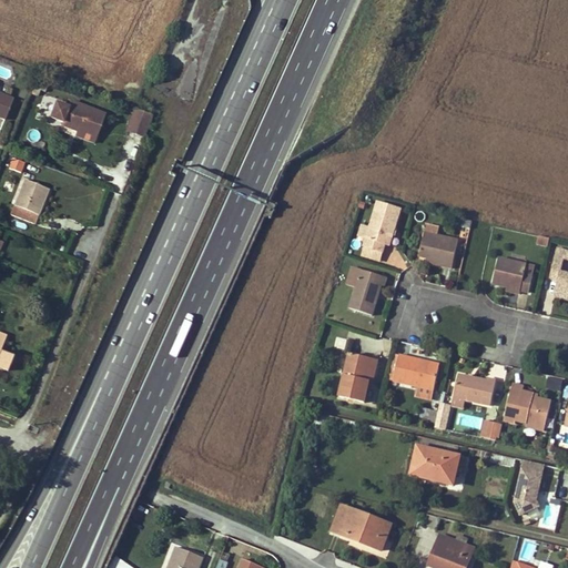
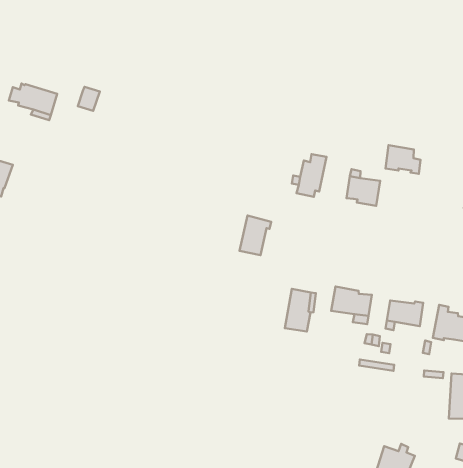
building: [491,256,531,291] -> [385,145,421,174]
building: [348,268,386,314] -> [239,215,271,255]
building: [412,445,459,483] -> none
building: [331,505,390,549] -> none

